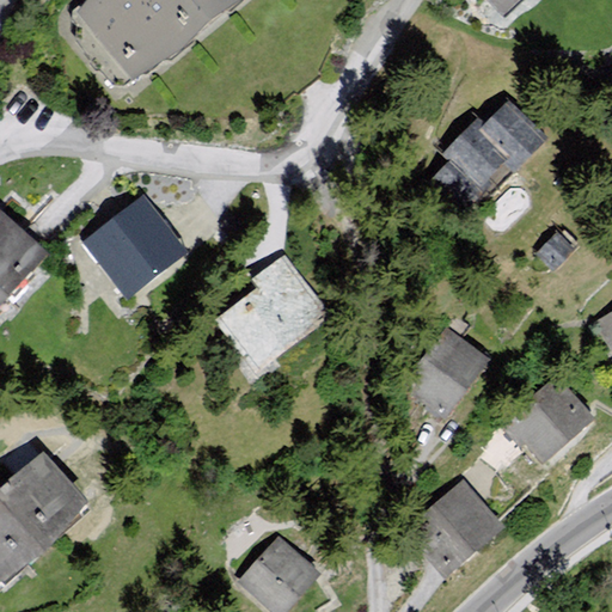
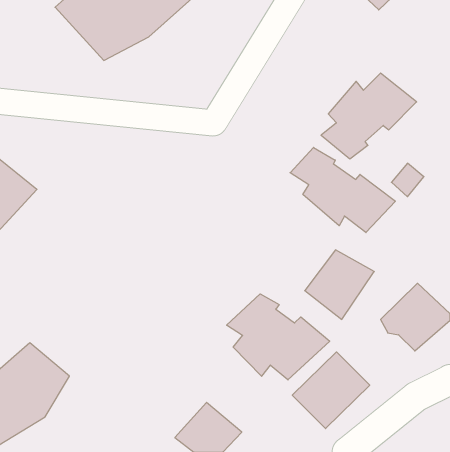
building: none -> [290,147,395,233]
building: [75,196,184,298] -> none
building: [214,269,336,373] -> none
building: none -> [227,294,330,380]

